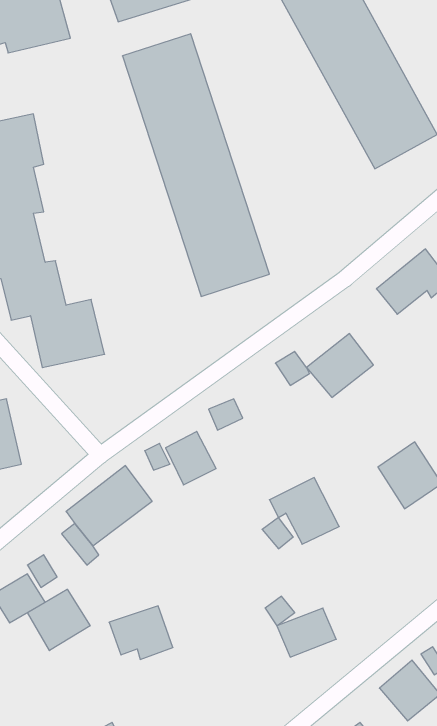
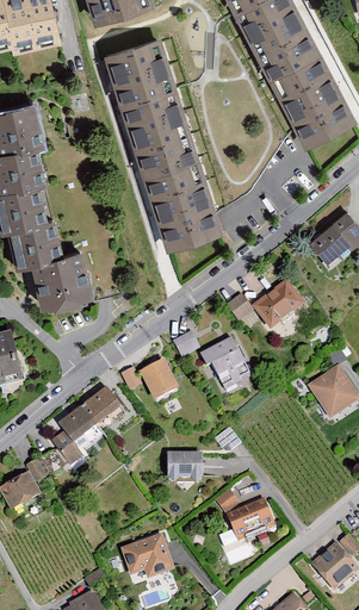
building: [269,478,339,544] -> [198,335,254,388]
building: none -> [166,452,203,484]
building: [27,589,90,651] -> none
building: [109,606,173,659] -> [123,535,174,578]

